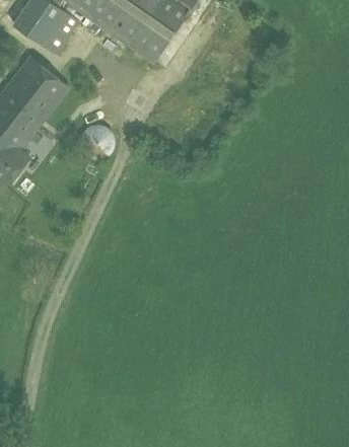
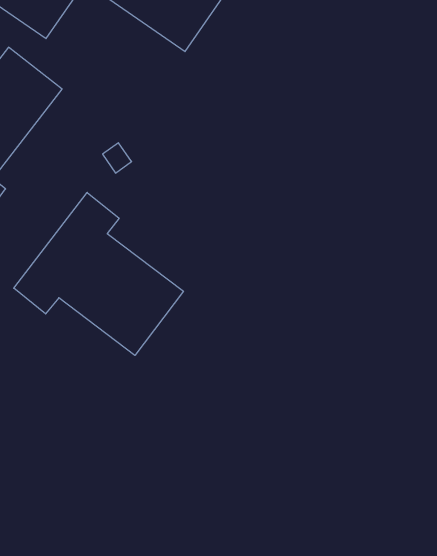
building: none -> [14,192,183,355]

